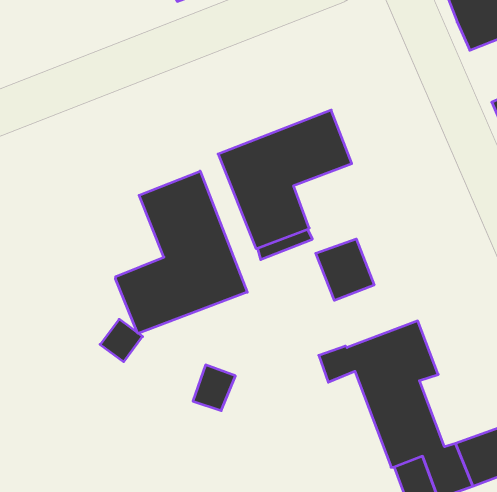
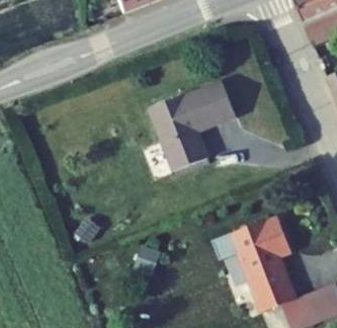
building: [116,171,247,333] -> none
building: [316,239,374,300] -> none

